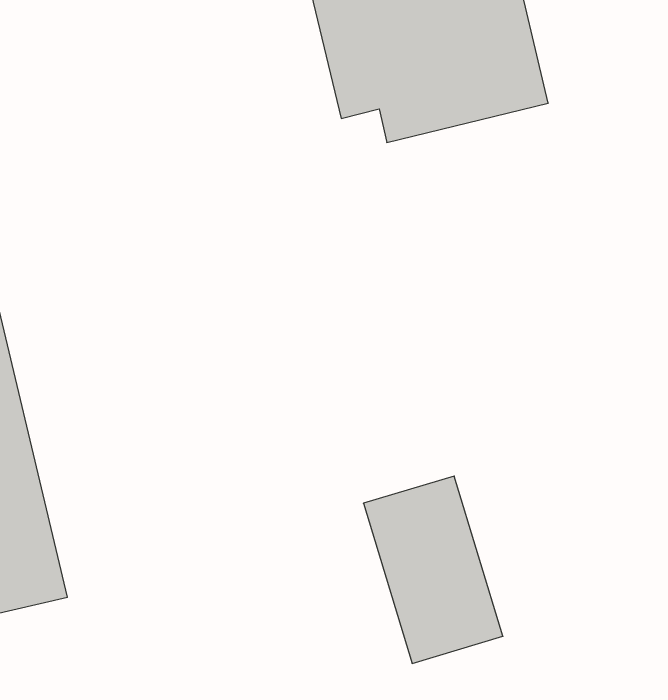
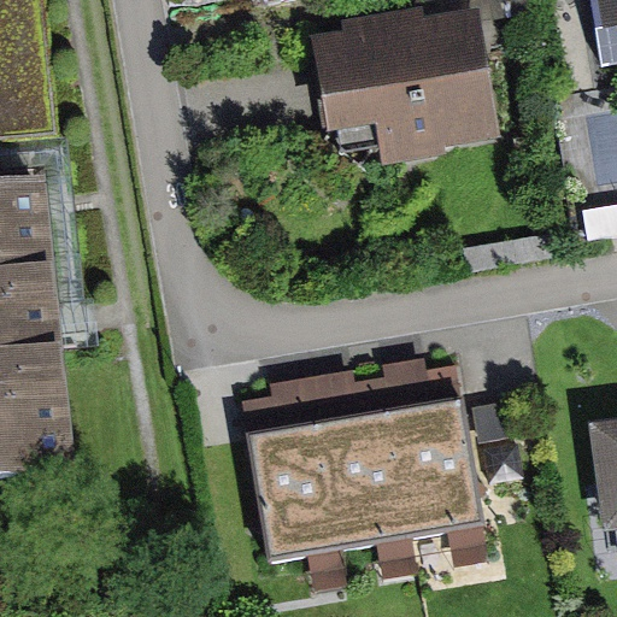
building: none -> [386,398,480,537]
building: none -> [242,422,335,562]

